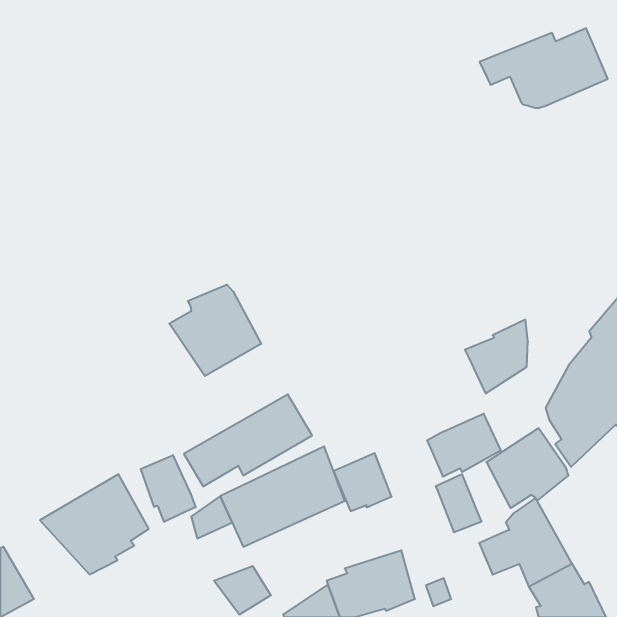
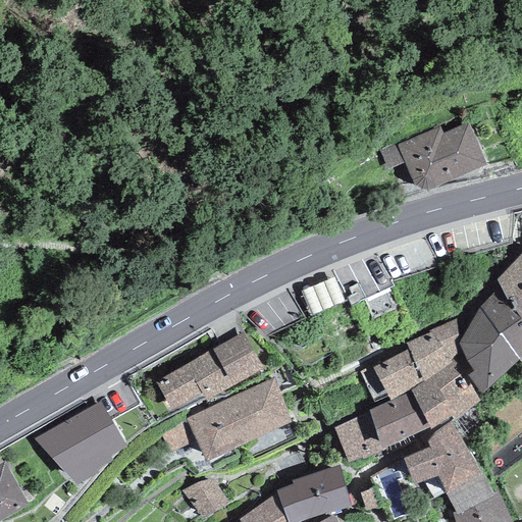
building: [480,28,608,108] -> [379,121,487,189]
building: [169,285,261,376] -> none
building: [465,320,528,393] -> [406,317,459,379]
building: [334,453,392,511] -> [334,412,383,461]
building: [141,455,196,522] -> none
building: none -> [390,389,430,439]

